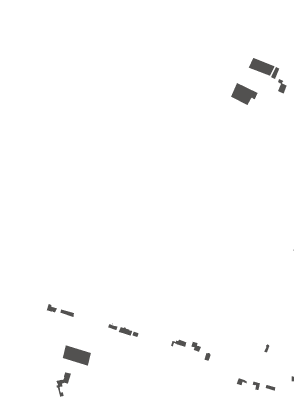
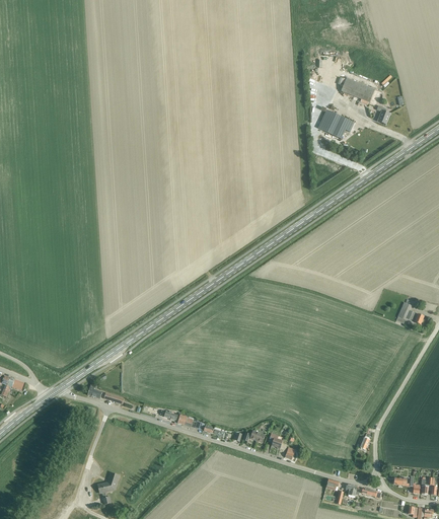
building: [62,345,92,366] -> none

